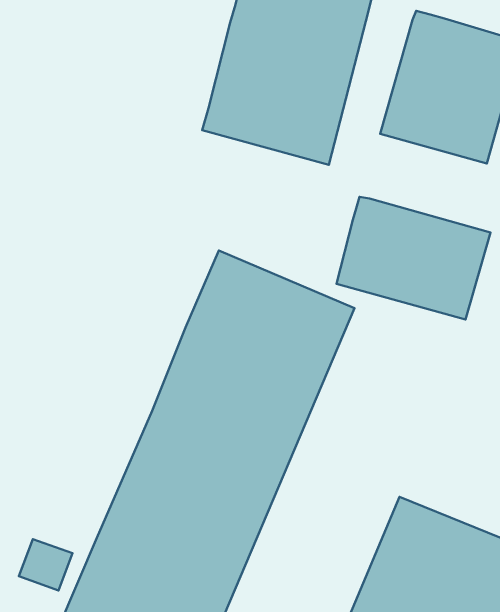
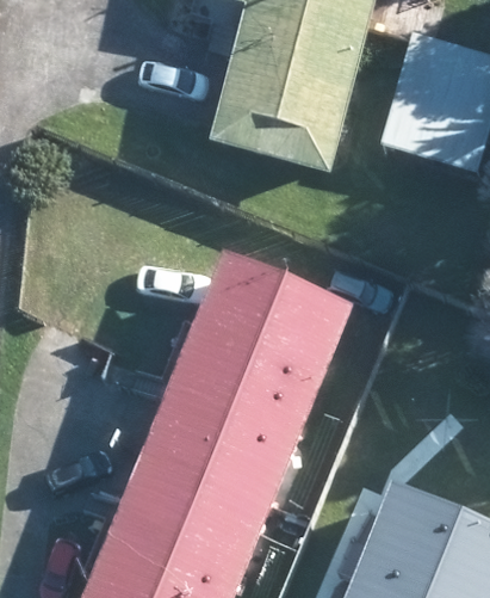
building: [336,197,490,320] -> none

